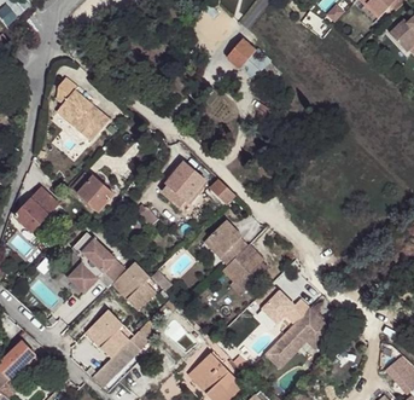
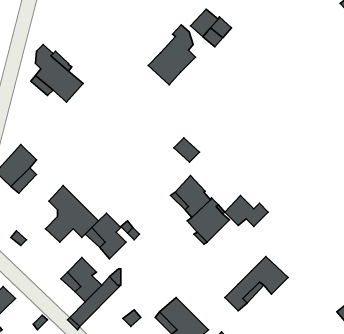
building: none -> [148,25,196,85]
building: [161,161,208,207] -> none
building: [70,172,113,211] -> none
building: [261,290,308,324] -> [225,195,268,227]

